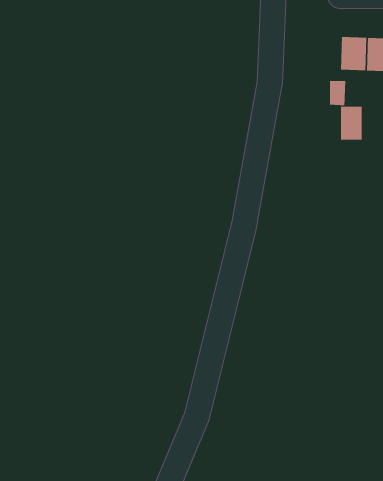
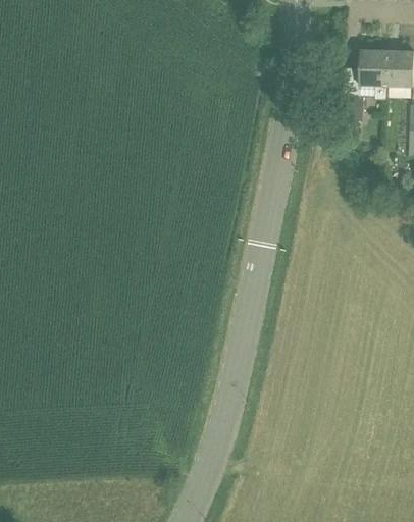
building: [340,106,363,141] -> none

